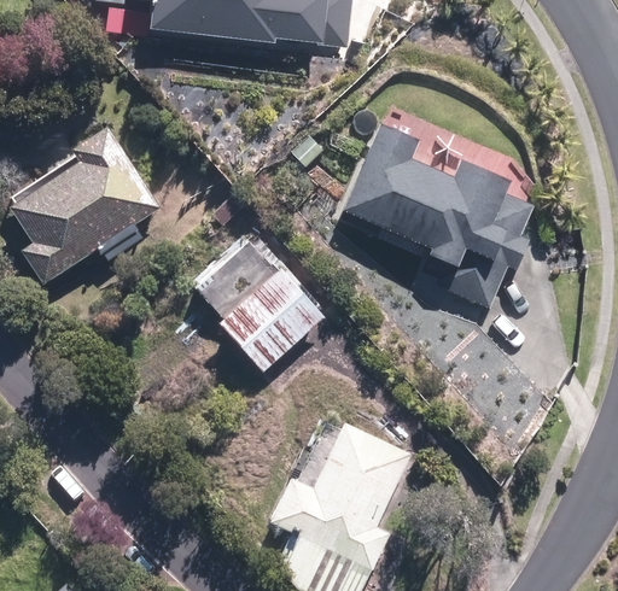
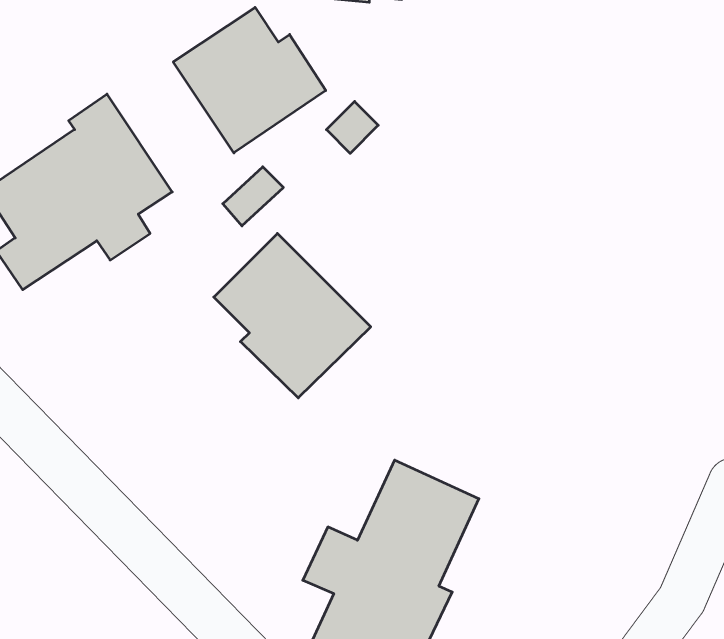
building: none -> [173,7,326,153]
building: [344,123,532,306] -> none

